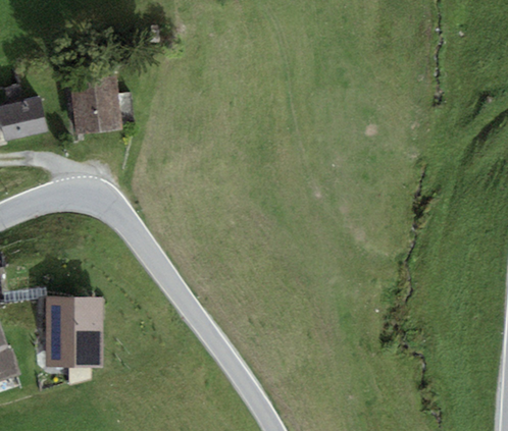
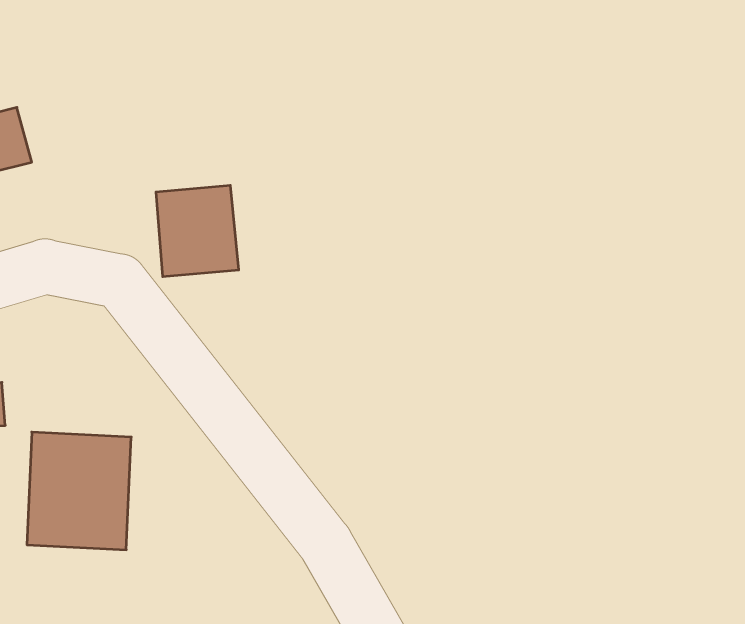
building: [68,76,119,132] -> [156,185,239,277]

